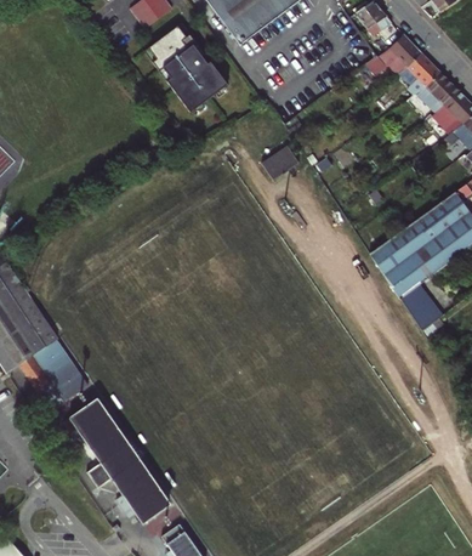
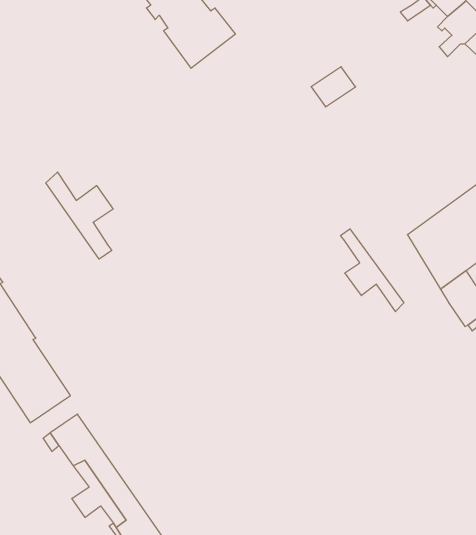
building: [261,146,298,180] -> [311,67,356,107]
building: none -> [46,172,113,259]
building: none -> [341,229,404,312]

